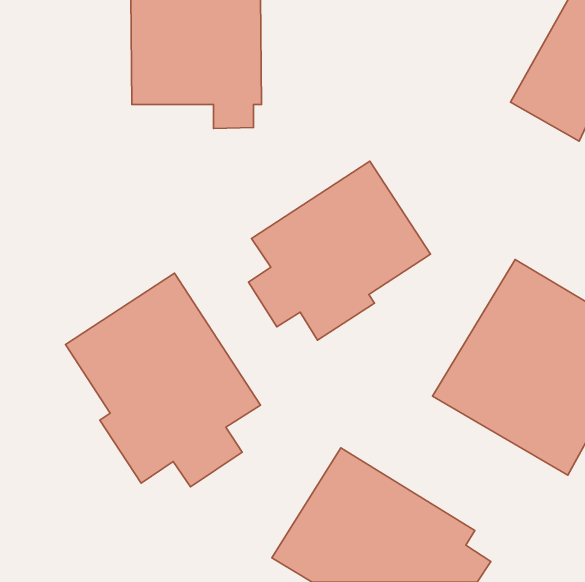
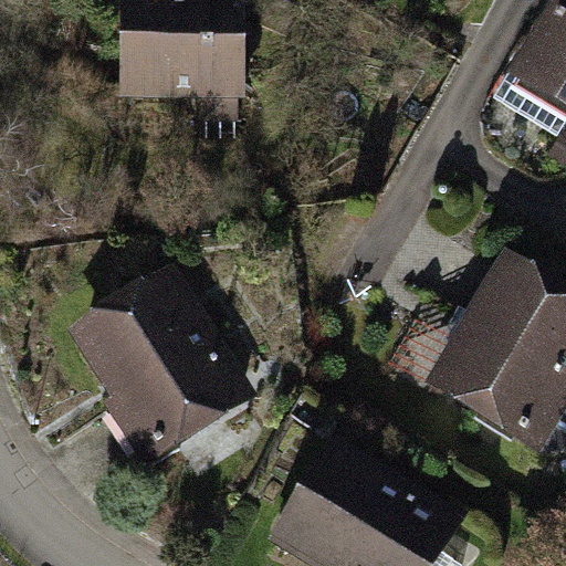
building: [248,161,430,340] -> none

